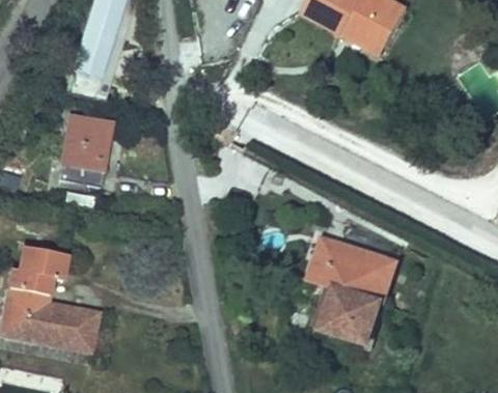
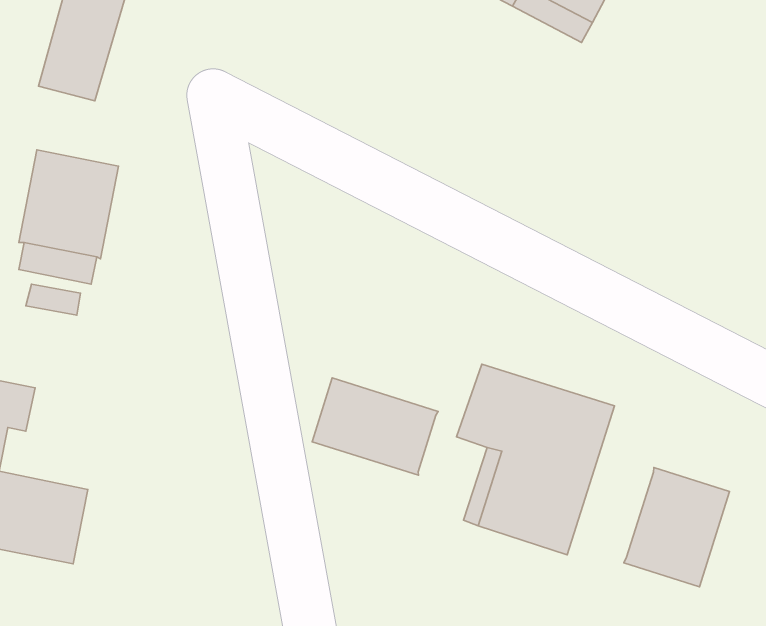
building: none -> [312,378,438,475]
building: none -> [624,467,730,587]

